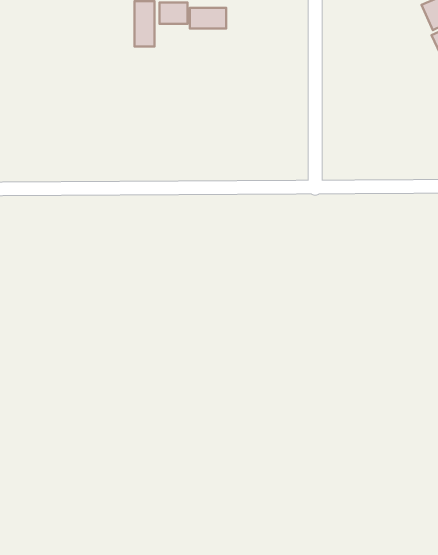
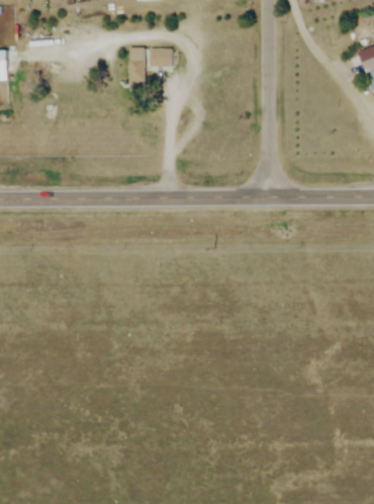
building: [190,8,226,28] -> none

